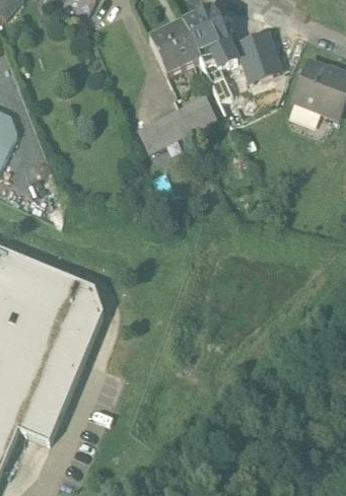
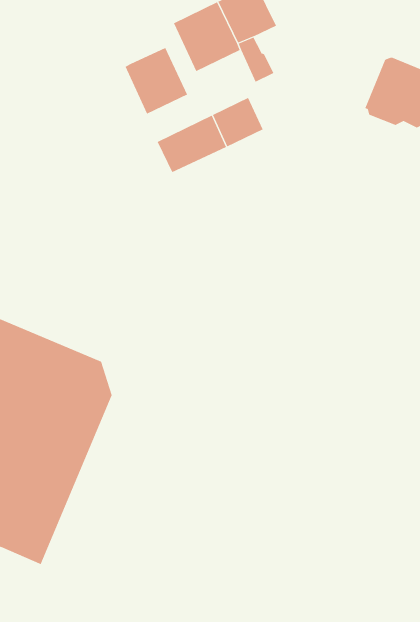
building: [235,31,279,79] -> none
building: none -> [125,47,188,114]

